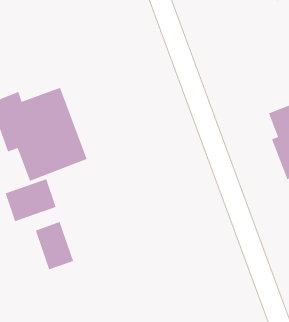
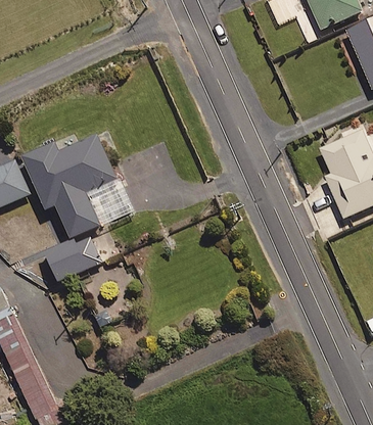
building: [35,221,74,270] -> none

